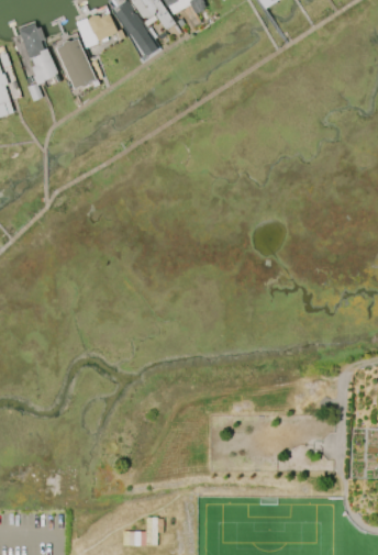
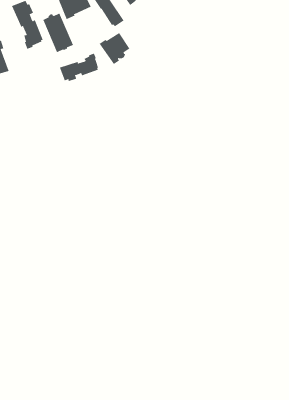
building: none -> [99,32,130,65]
building: none -> [59,53,99,82]

